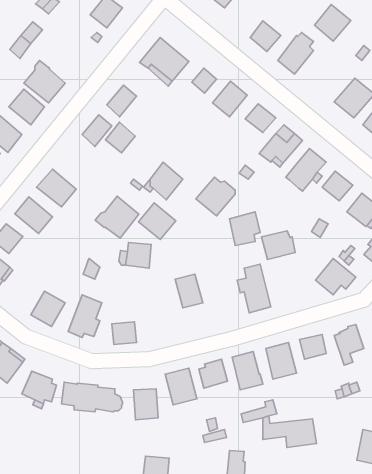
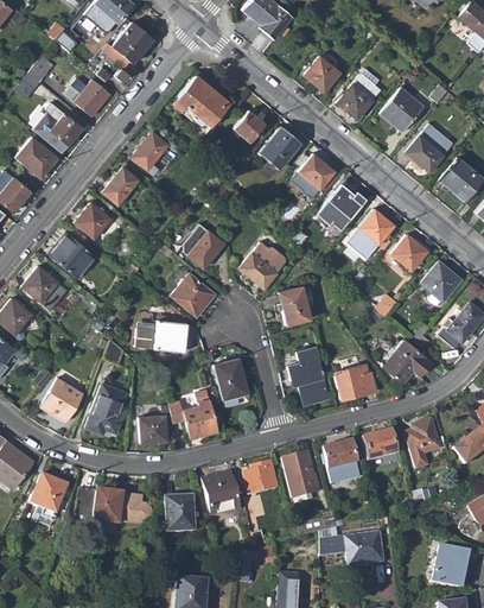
building: [314,5,351,41] -> [381,88,425,132]
building: none -> [65,78,112,116]
building: [106,122,135,153] -> [76,202,112,239]
building: [95,196,139,238] -> none
building: [261,231,295,260] -> [336,365,376,399]
building: none -> [170,391,218,438]

